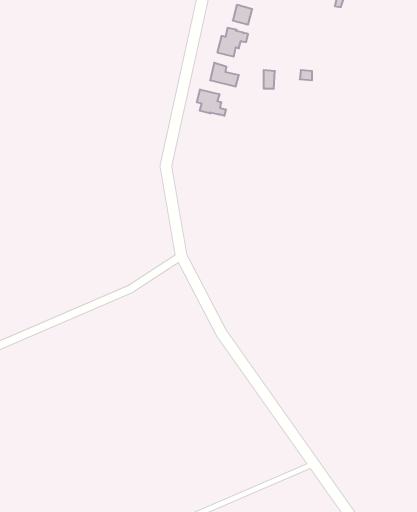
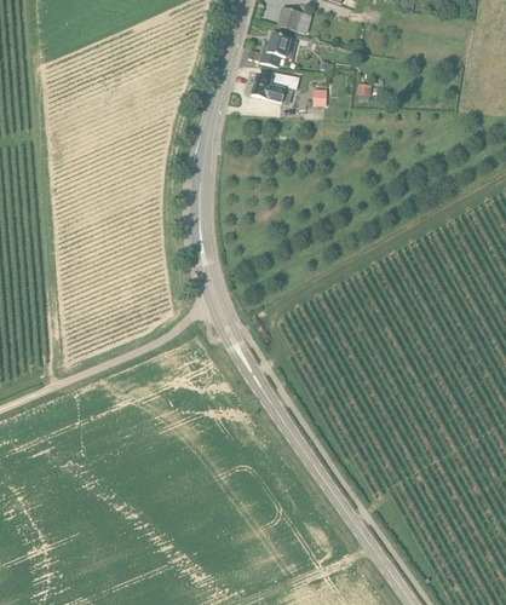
building: [197,89,226,116] -> none

